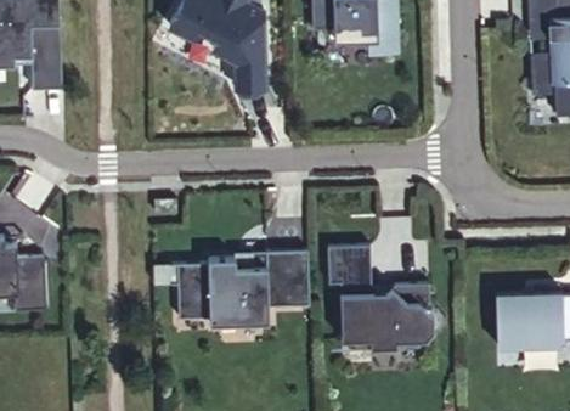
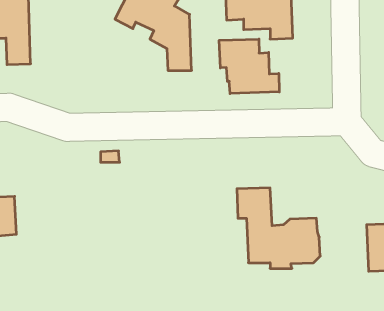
building: none -> [219,39,279,94]
building: [153,250,309,326] -> none

